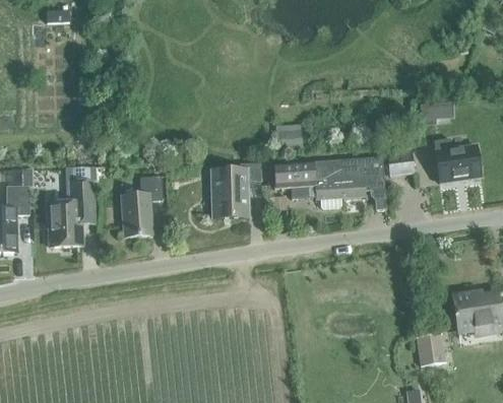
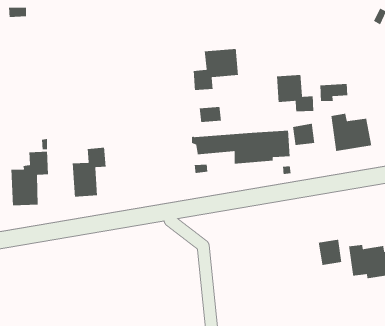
building: none -> [193,48,239,91]
building: none -> [276,74,314,112]
building: [210,162,259,216] -> none
building: [415,333,444,365] -> [318,239,342,266]

